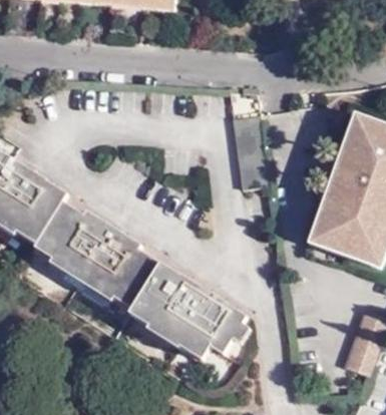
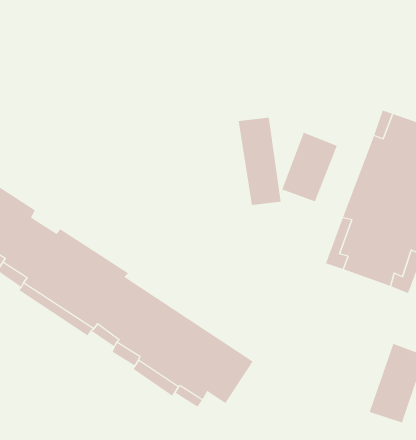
building: none -> [281,132,338,202]

